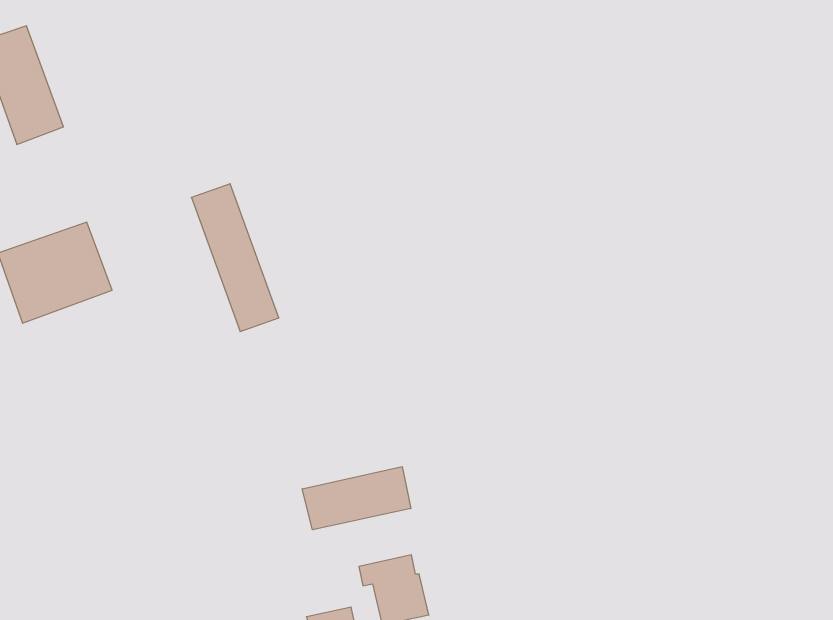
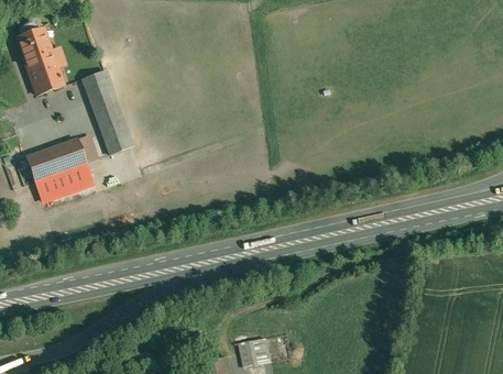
building: [191,184,279,332] -> [84,70,133,154]
building: [302,467,411,530] -> none

